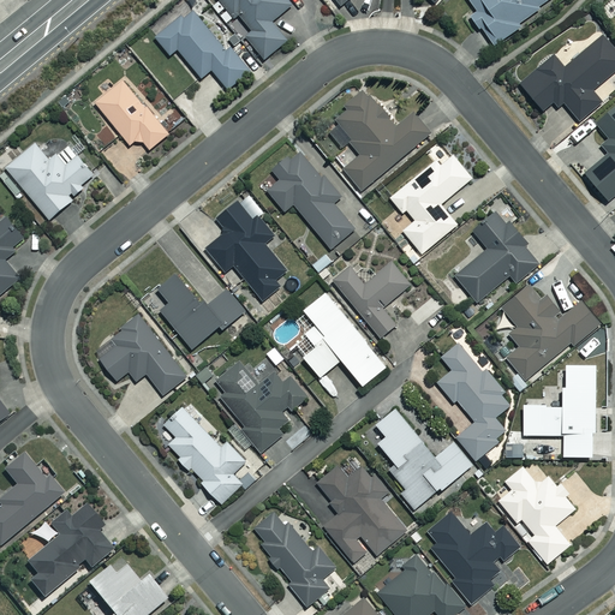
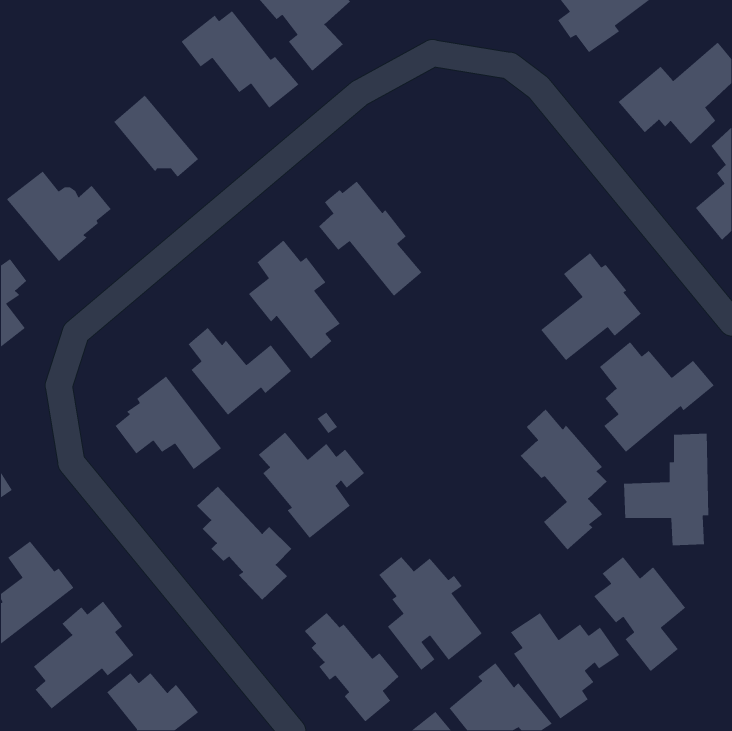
building: [330,89,430,190] -> none
building: [389,154,472,252] -> none
building: [333,259,412,336] -> none
building: [301,293,388,390] -> none
building: [375,407,473,508] -> none

